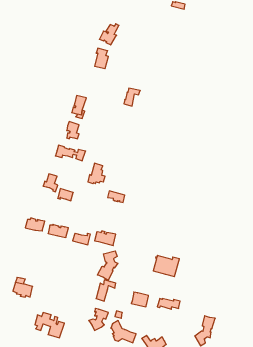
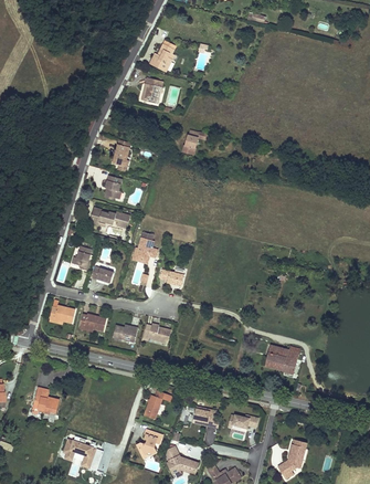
building: [97,251,118,280] -> none
building: [153,255,179,277] -> [264,345,299,373]

